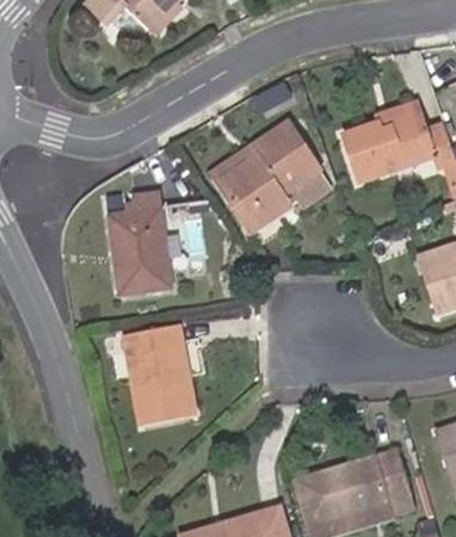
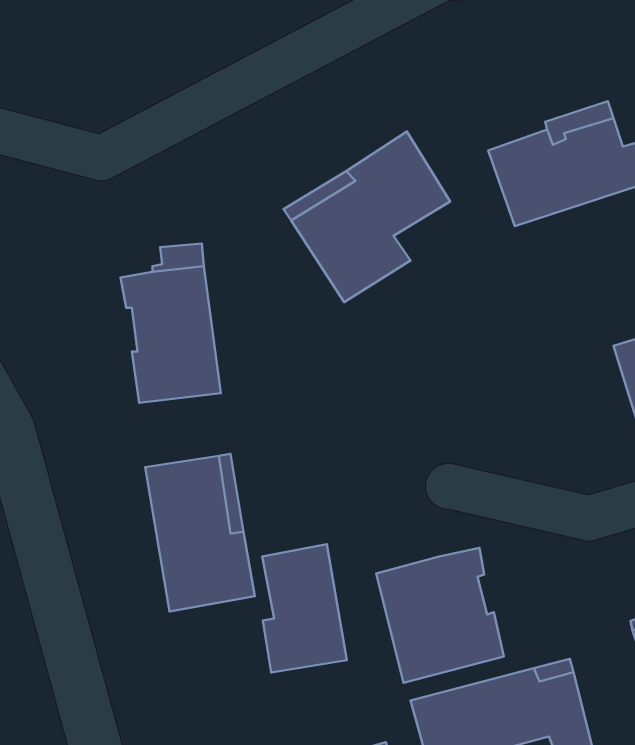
building: none -> [262,544,347,673]
building: none -> [376,548,504,683]

